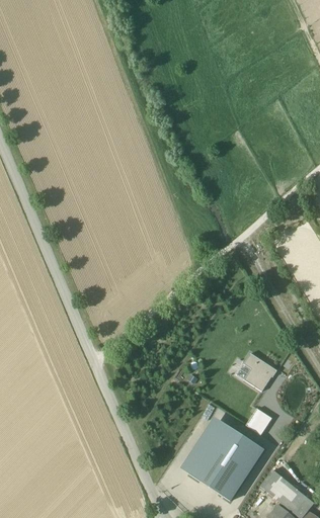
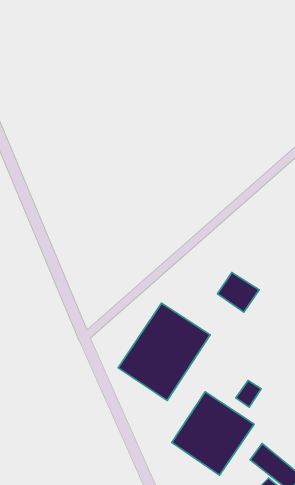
building: none -> [118,303,210,400]
building: [236,352,277,392] -> [218,272,259,312]

